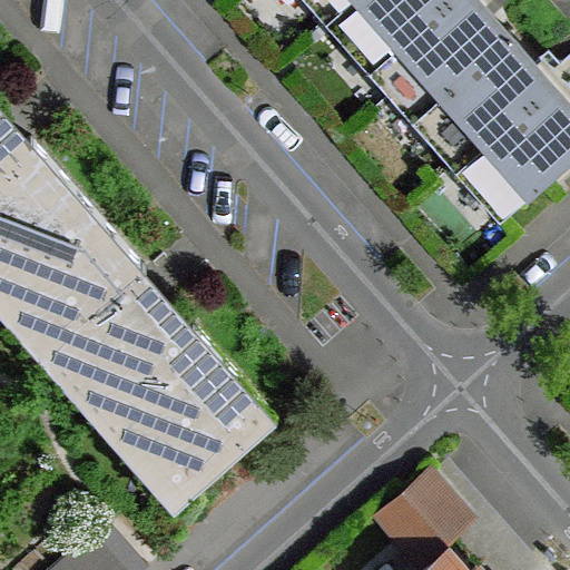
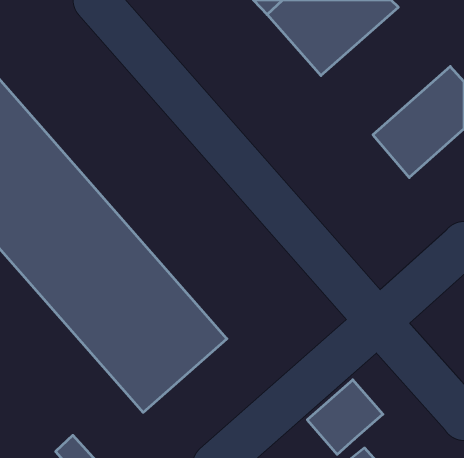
building: [392,18,550,174] -> none

